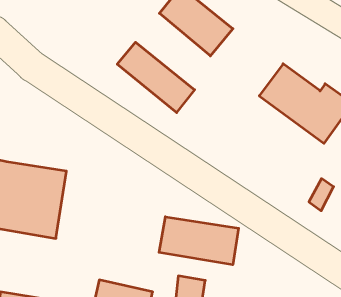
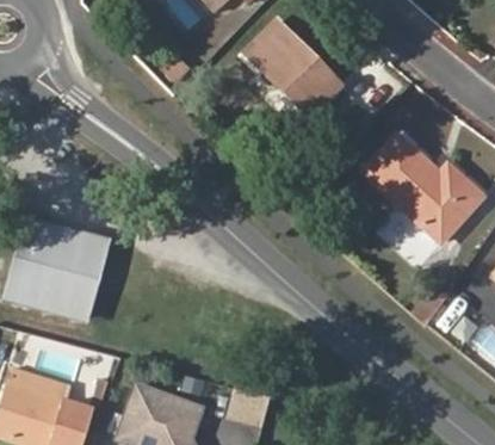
building: [117,42,195,113] -> none
building: [159,217,239,265] -> none

